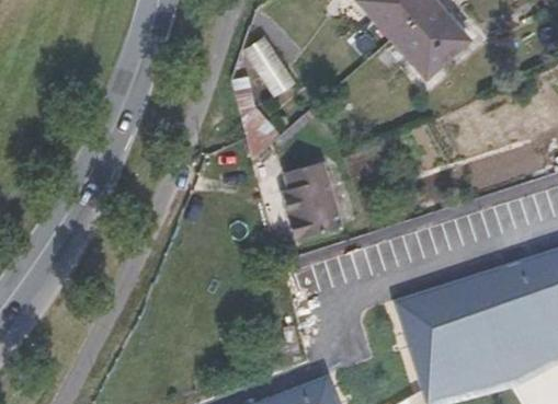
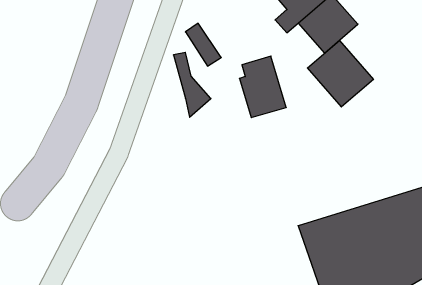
building: none -> [307,40,373,107]
building: [283,162,343,241] -> [239,56,286,118]

